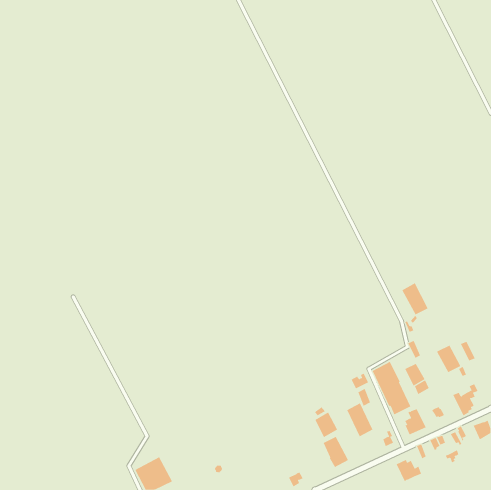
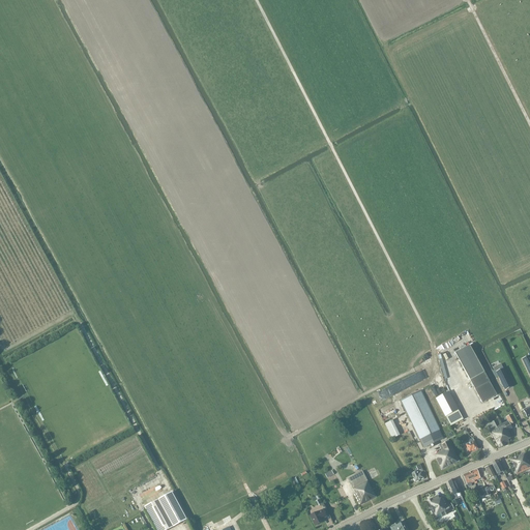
building: [402,282,429,315] -> [455,344,484,379]
building: [347,403,373,437] -> none
building: [314,412,338,438] -> none

